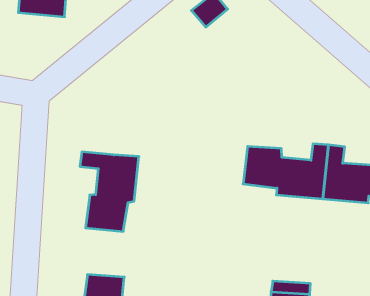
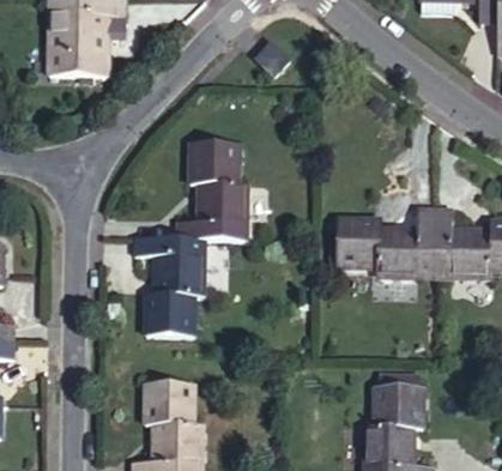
building: none -> [174,146,246,241]

